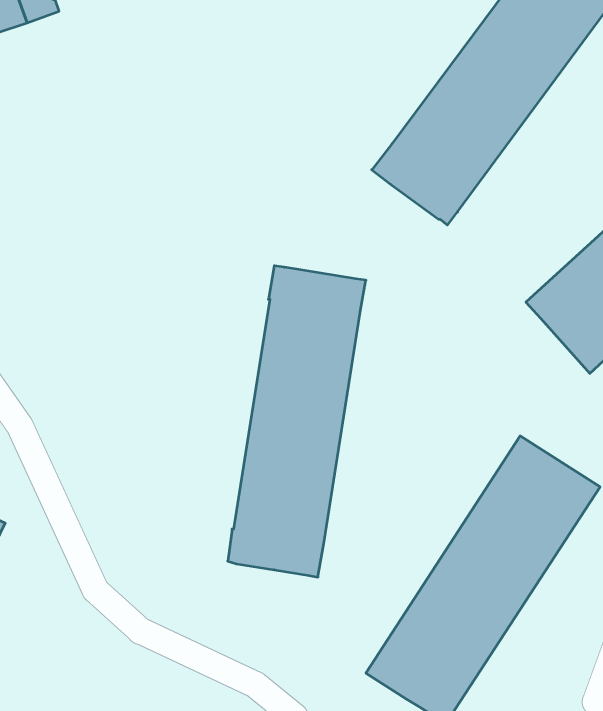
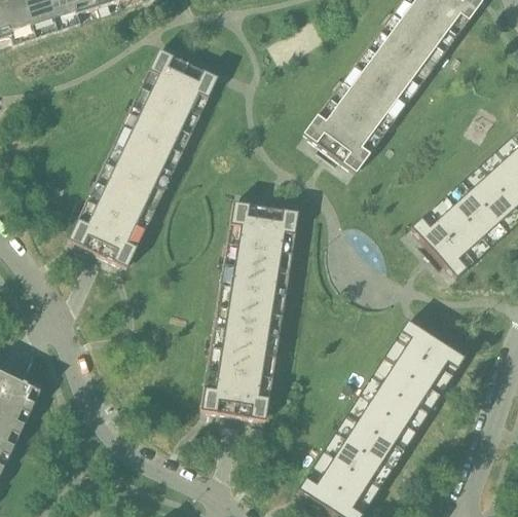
building: none -> [70,48,219,267]

